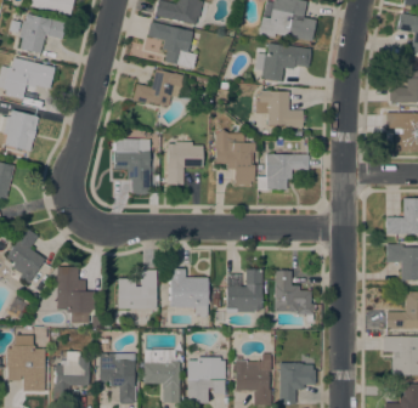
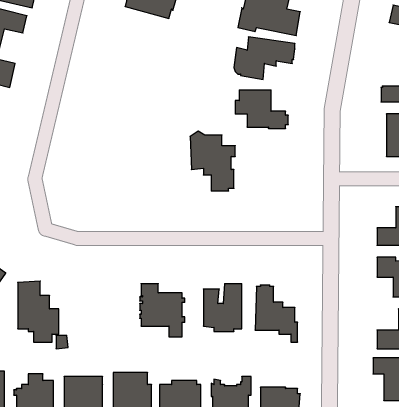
building: [147,21,197,68] -> none
building: [134,69,185,107] -> none
building: [113,138,149,194] -> none
building: [166,141,203,185] -> none
building: [258,153,310,189] -> none
building: [118,270,157,308] -> none

